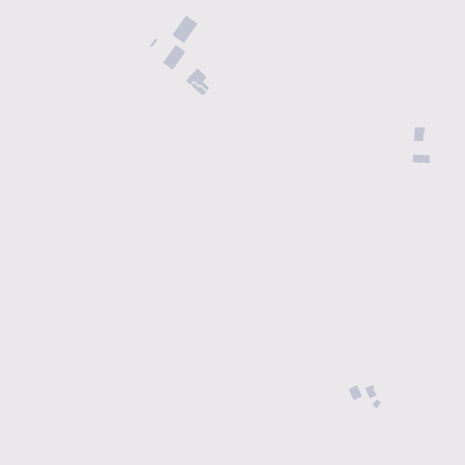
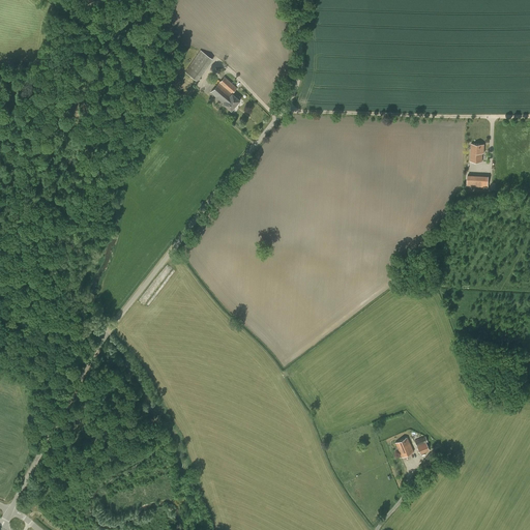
building: [171,15,199,44] -> none

